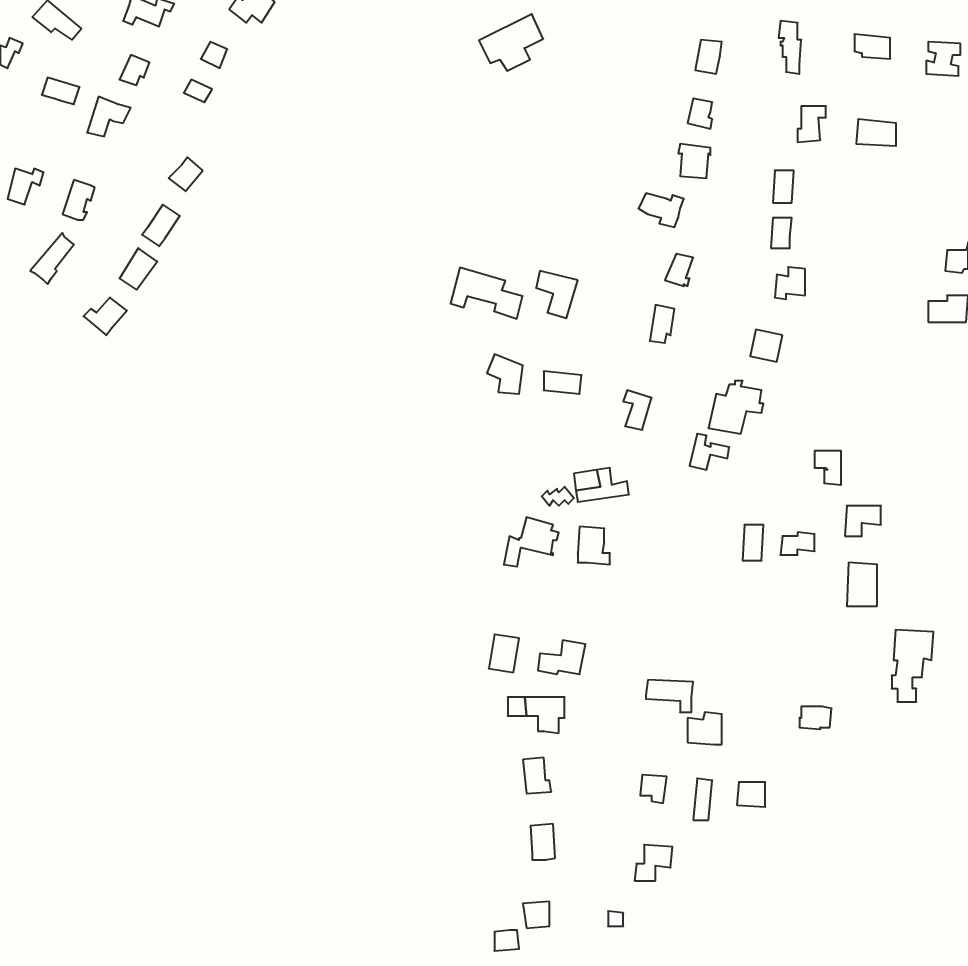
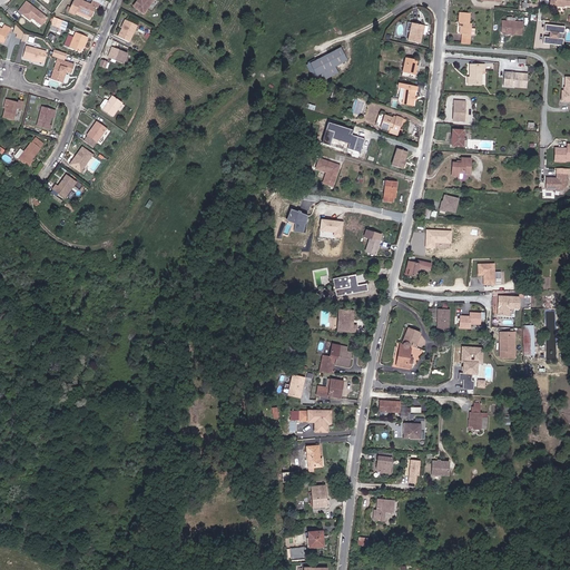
building: [479,14,543,71] -> [309,47,347,80]
building: [451,268,523,319] -> [322,121,364,151]
building: [504,517,559,567] -> [320,345,352,374]
building: none -> [395,326,419,367]
building: [892,630,933,702] -> [460,345,484,387]

